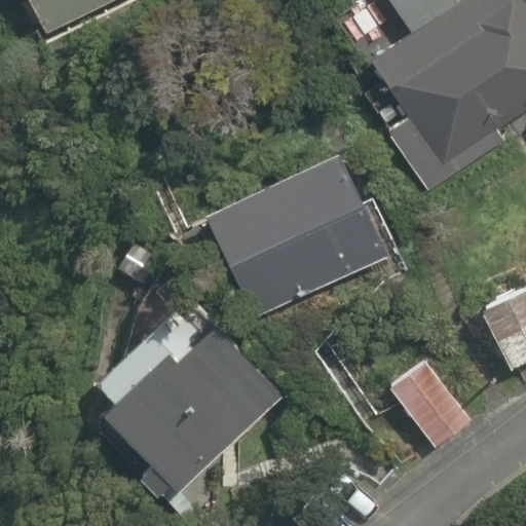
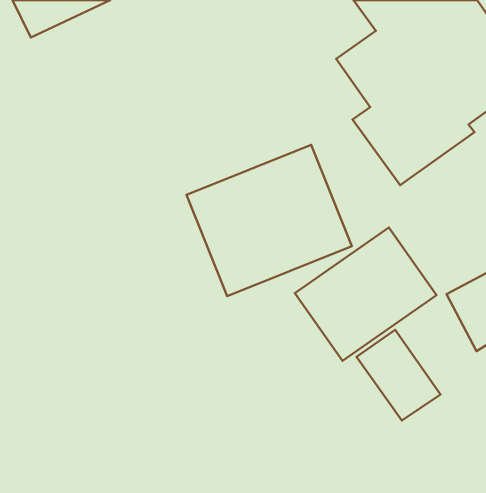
building: none -> [295,227,437,361]
building: [83,291,287,497] -> none

